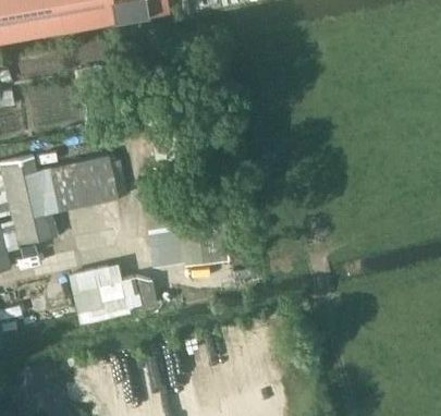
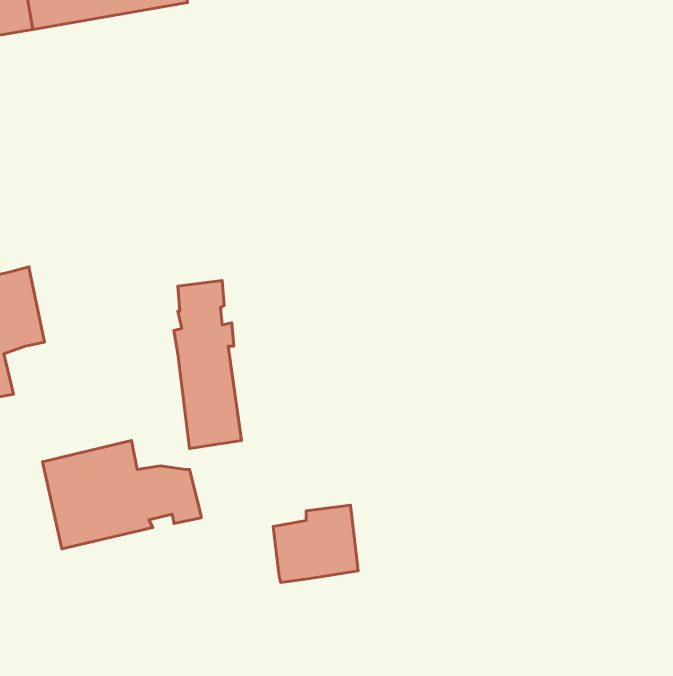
building: [61,156,127,208] -> none
building: [181,222,229,266] -> [273,505,358,582]

